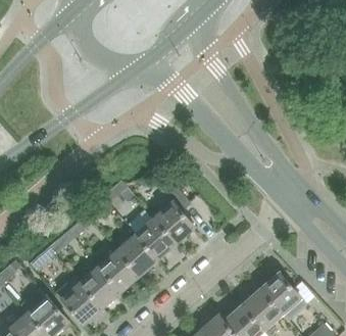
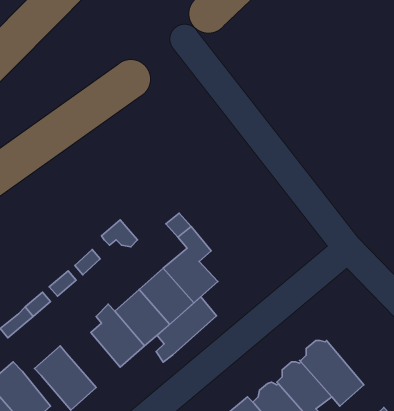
building: none -> [156,297,216,362]
building: [81,267,121,308] -> none

